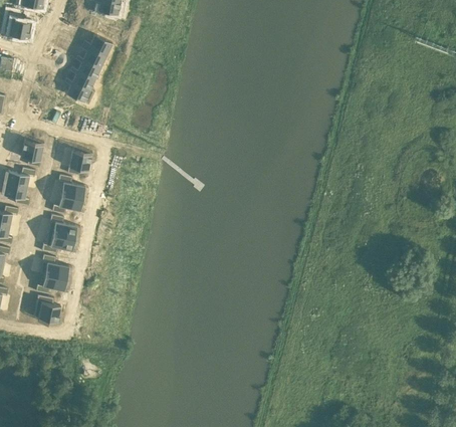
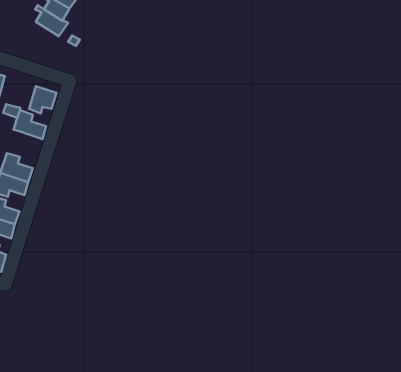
building: [52,194,83,214] -> none

